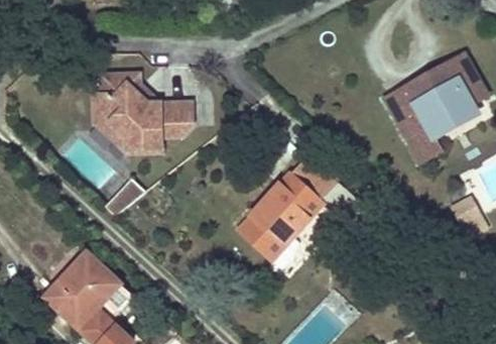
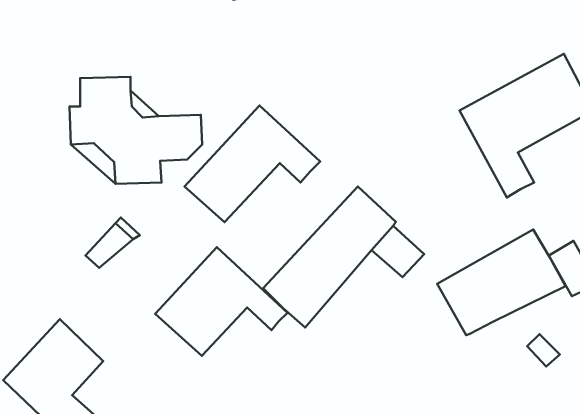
building: none -> [185,105,320,222]
building: none -> [437,229,565,335]
building: none -> [155,247,288,356]

